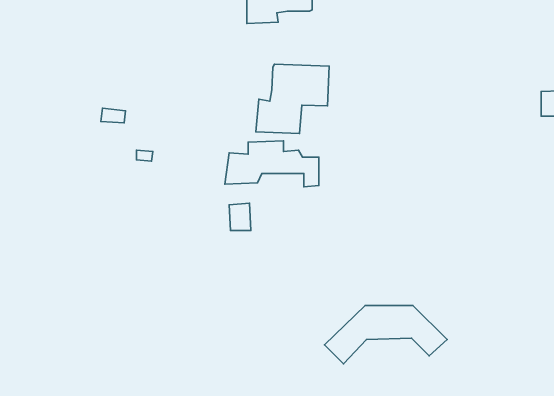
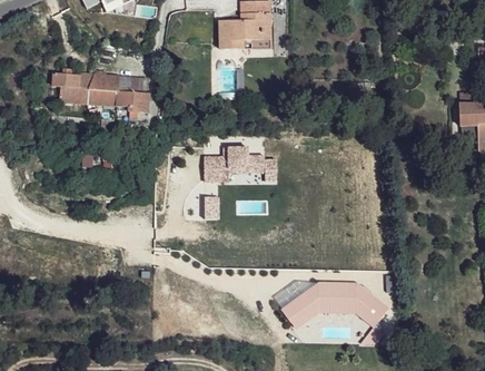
building: none -> [52,72,150,115]
building: [256,64,329,133] -> none

